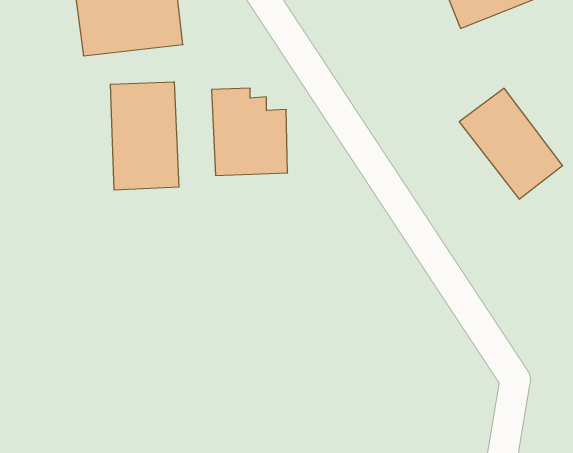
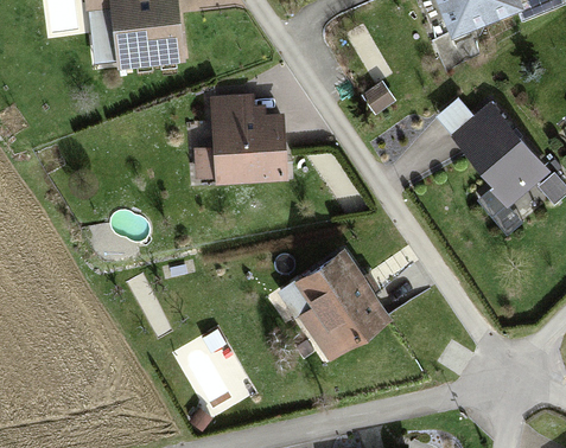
building: [111,82,179,190] -> none
building: none -> [298,255,388,361]

